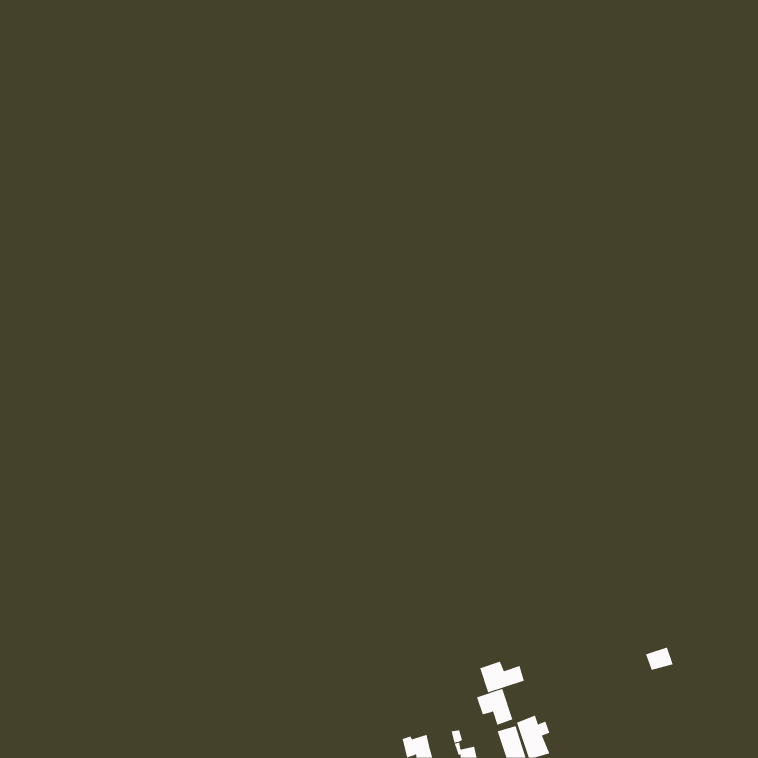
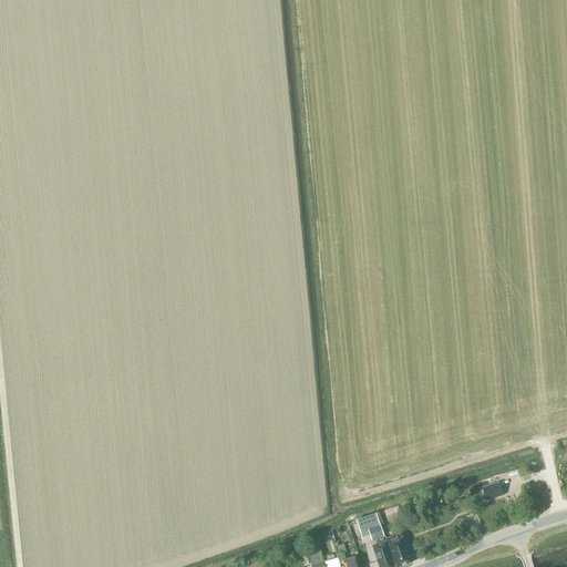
building: [479,661,524,693] -> none

